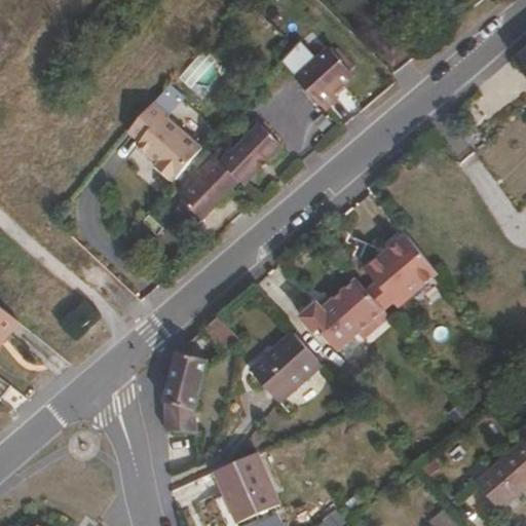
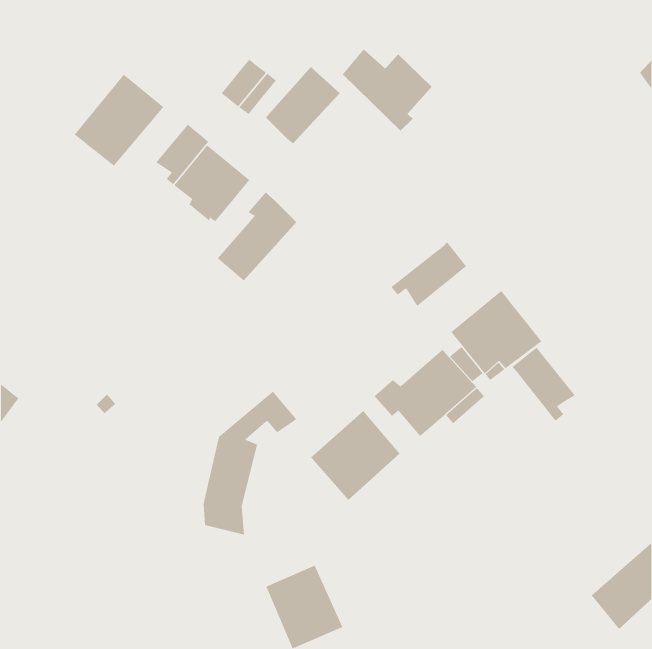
building: none -> [74,74,164,167]
building: [222,120,283,183] -> [265,66,340,144]
building: none -> [391,242,467,307]
building: none -> [512,347,576,422]

